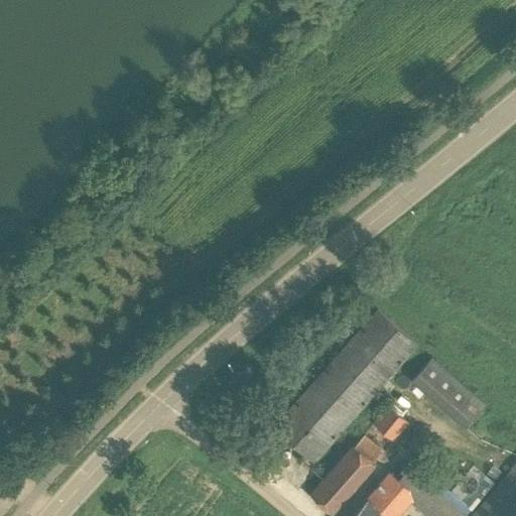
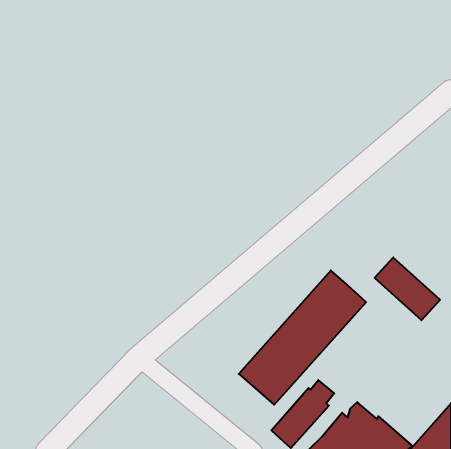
building: [410,358,485,429] -> [375,257,440,320]
building: [372,406,408,442] -> none

